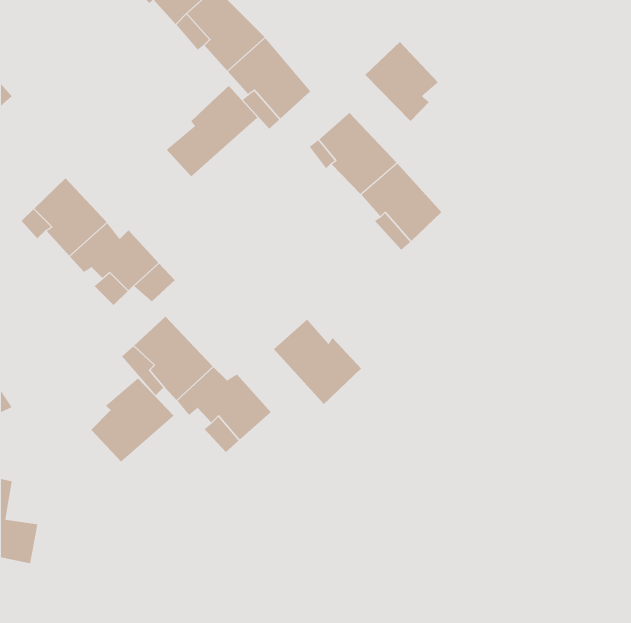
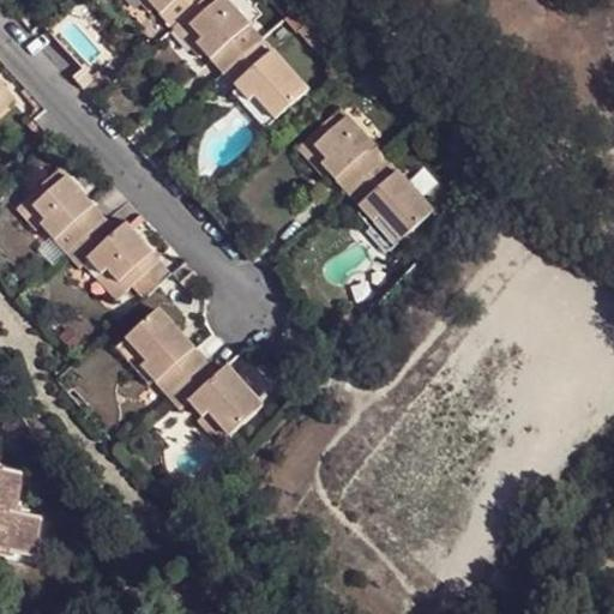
building: [364,41,439,122] -> none
building: [166,85,258,177] -> none
building: [273,319,362,405] -> none
building: [91,377,175,462] -> none

